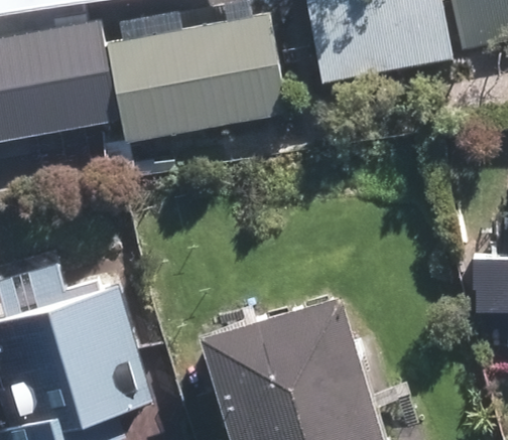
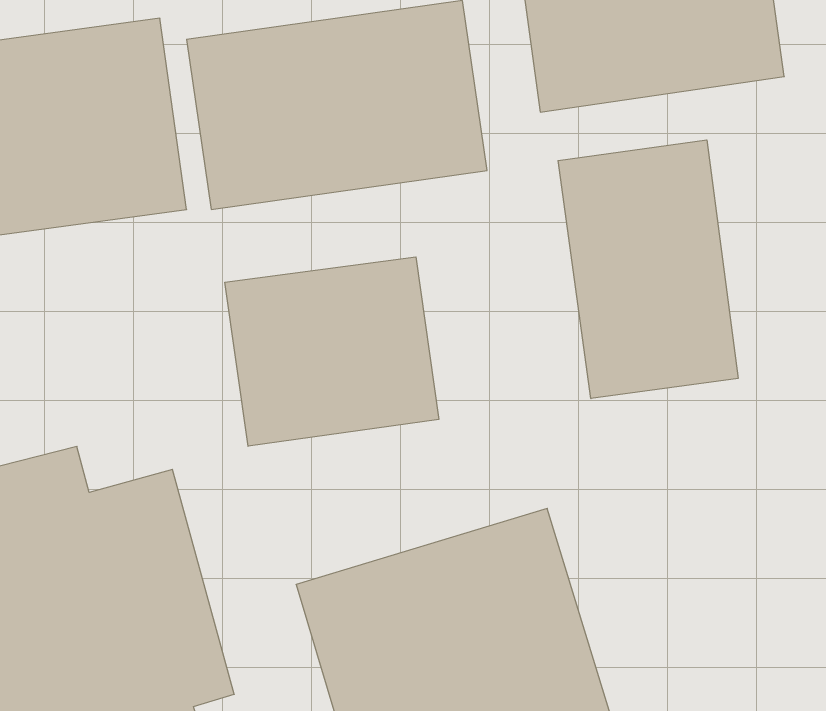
building: none -> [558,140,738,399]
building: none -> [225,257,439,446]

